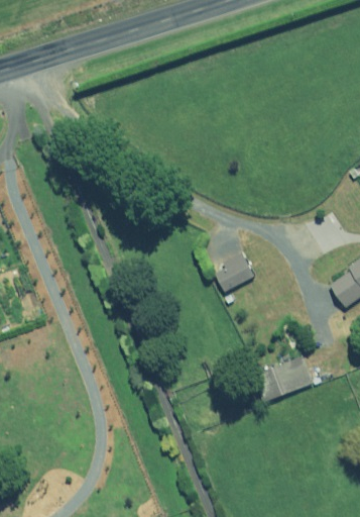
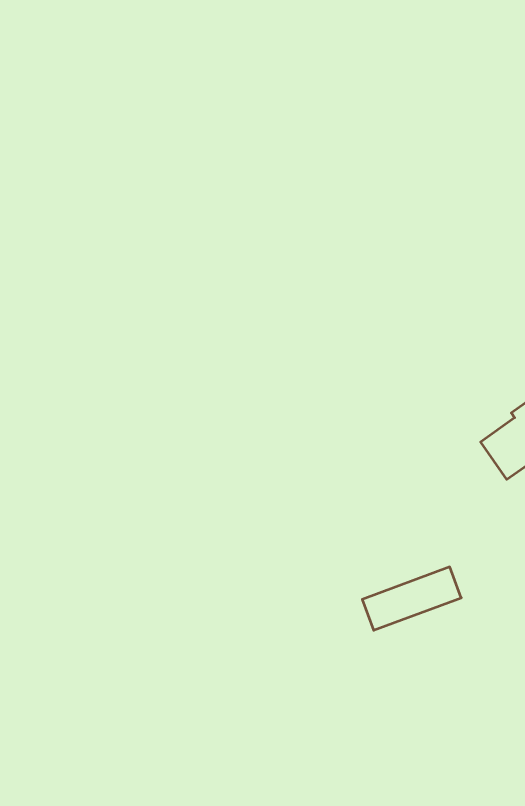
building: [216,257,250,290] -> none

